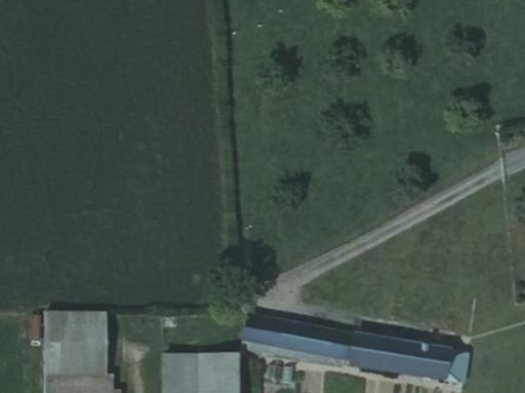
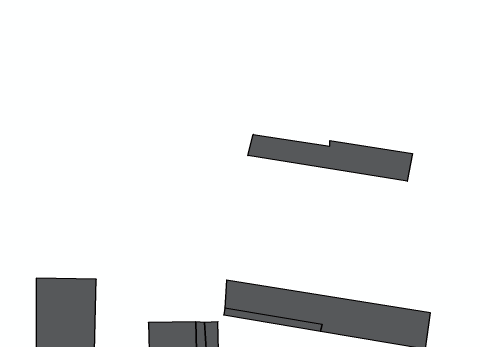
building: none -> [248,134,412,181]

